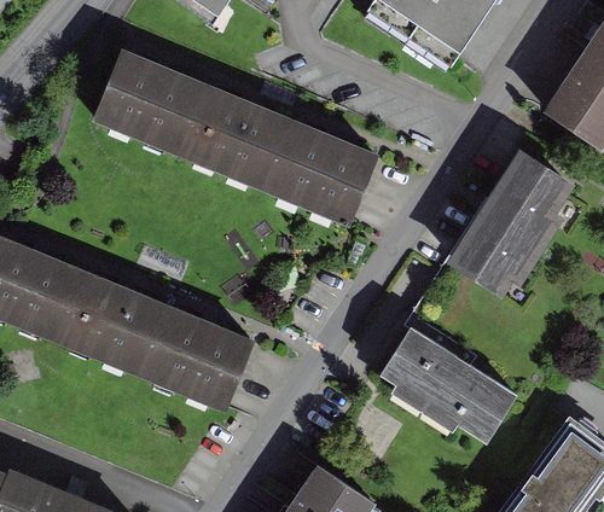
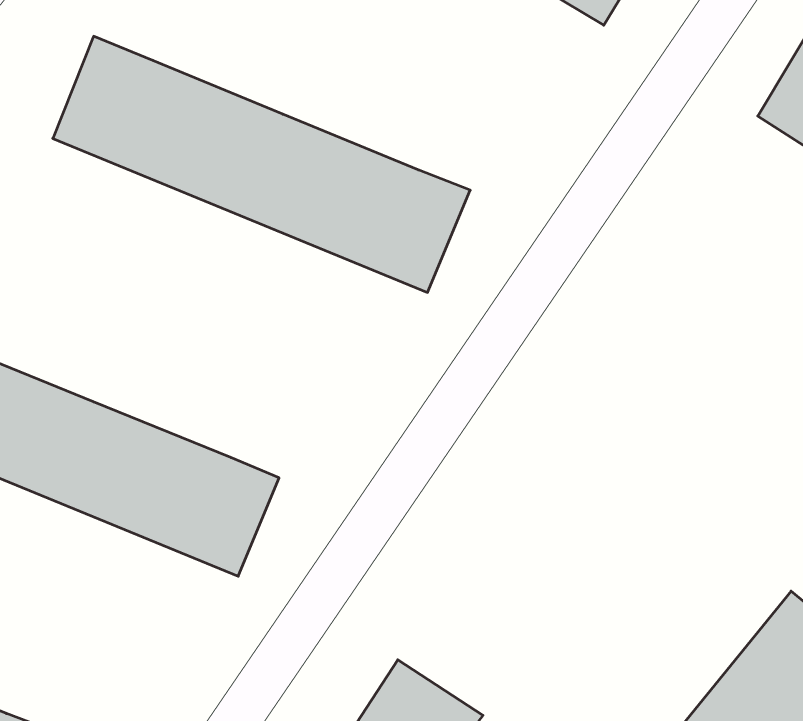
building: [458,147,577,287] -> none
building: [383,325,512,432] -> none

